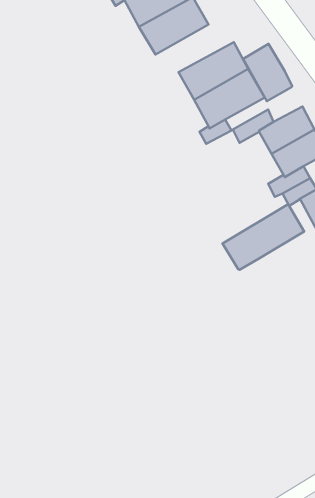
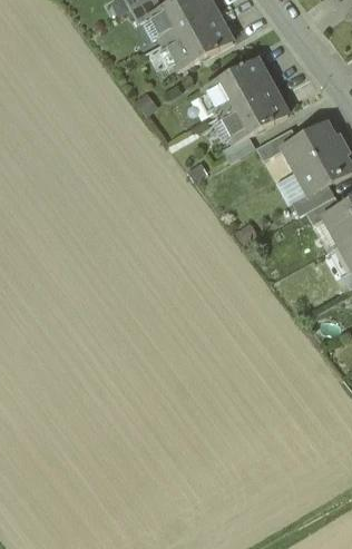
building: [243,44,292,101] -> none
building: [223,204,304,270] -> none

